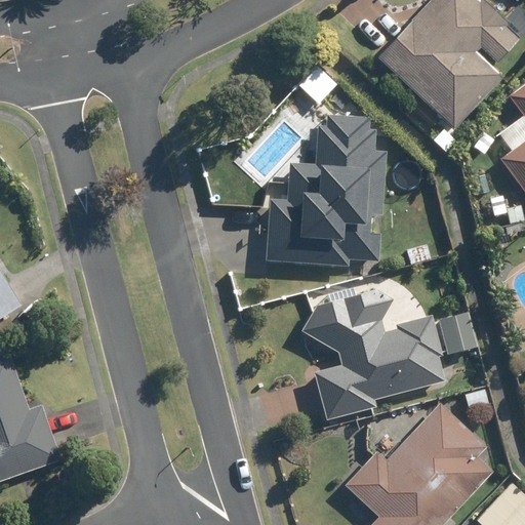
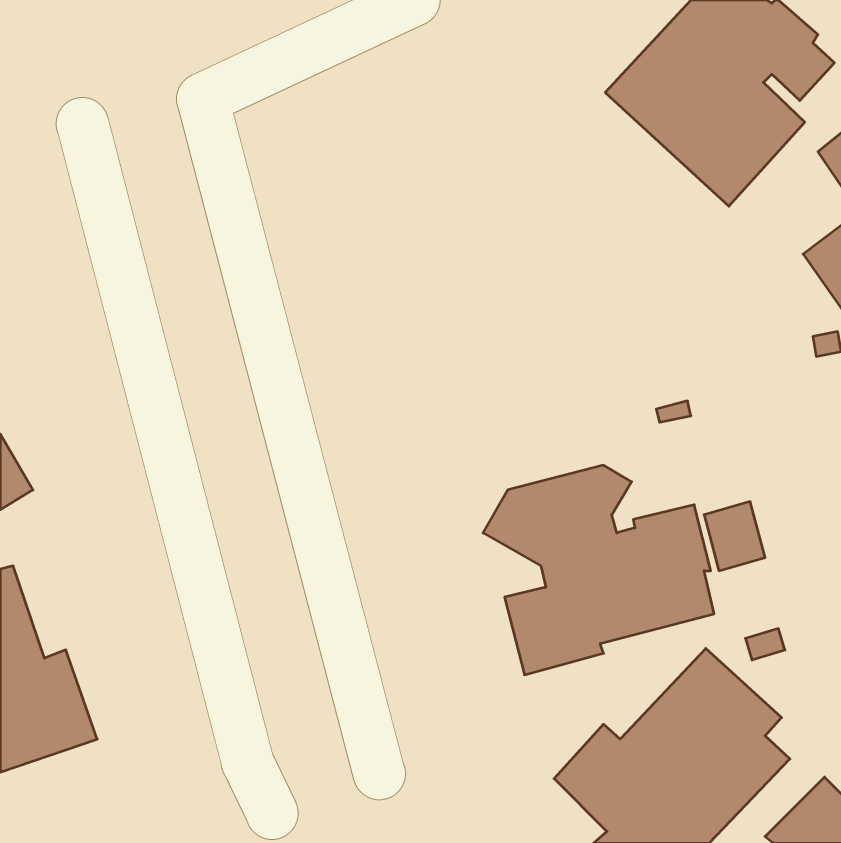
building: [265,114,385,266] -> none

